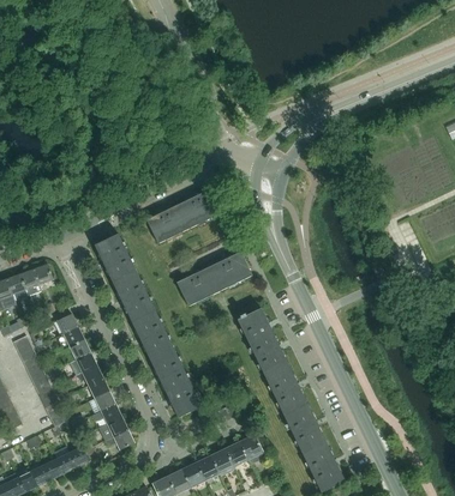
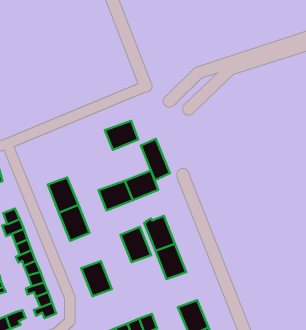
building: [146,205,190,244] -> none
building: none -> [141,139,170,180]
building: [94,234,134,279] -> none
building: [144,337,185,382] -> [120,227,151,262]
building: [270,377,311,423] -> none

